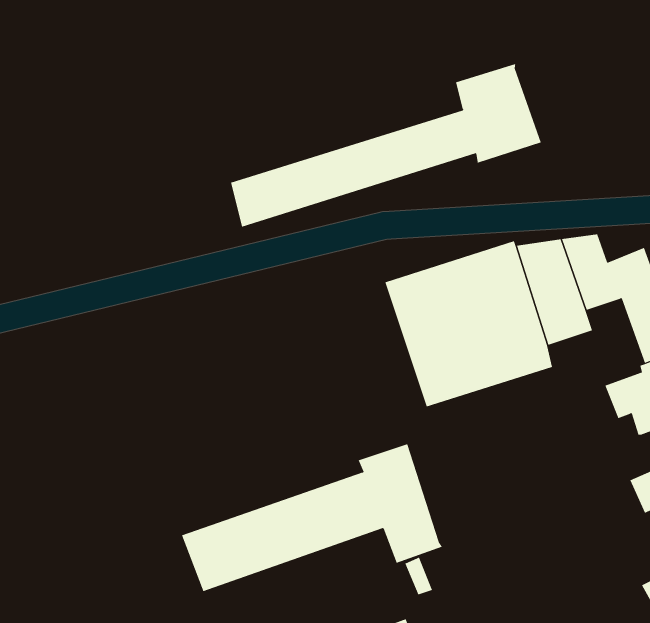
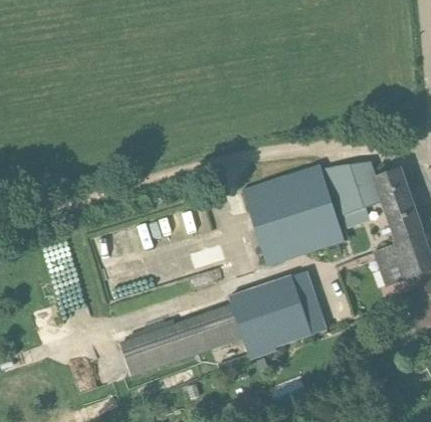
building: [231,63,541,227] -> none
building: none -> [257,273,315,346]

